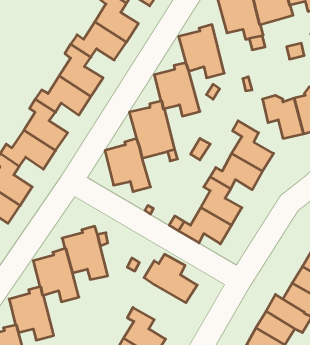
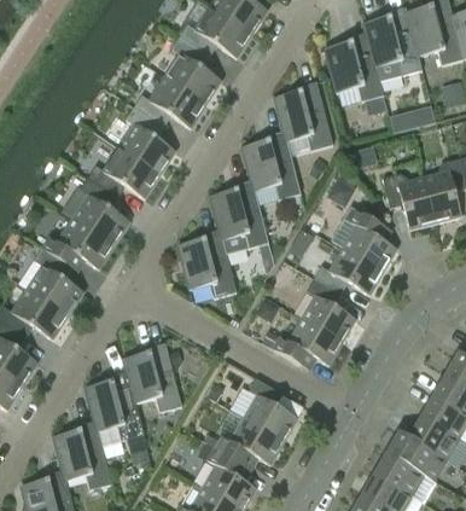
building: none -> [214,408,282,464]

